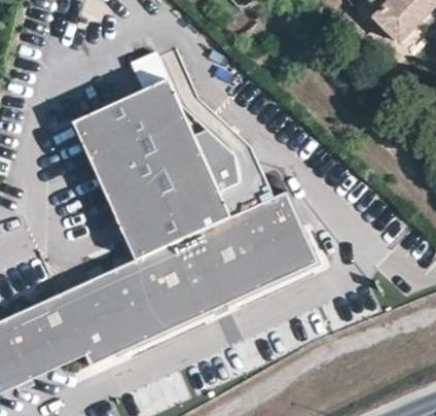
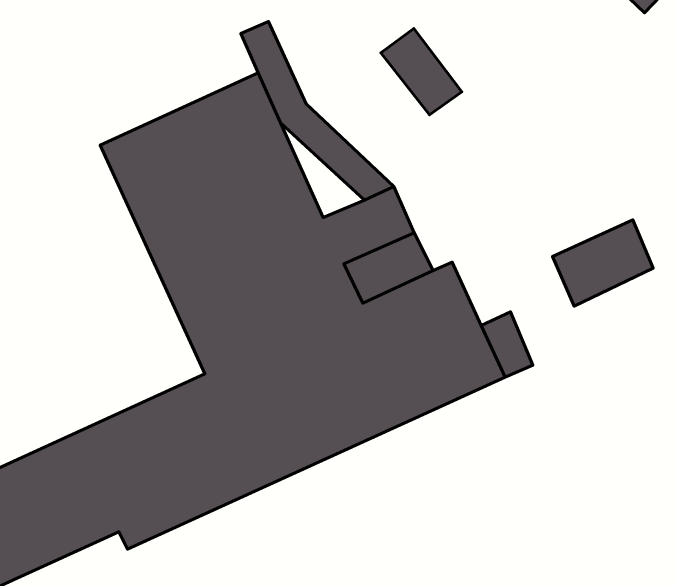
building: none -> [381,29,462,115]
building: none -> [552,220,653,306]

